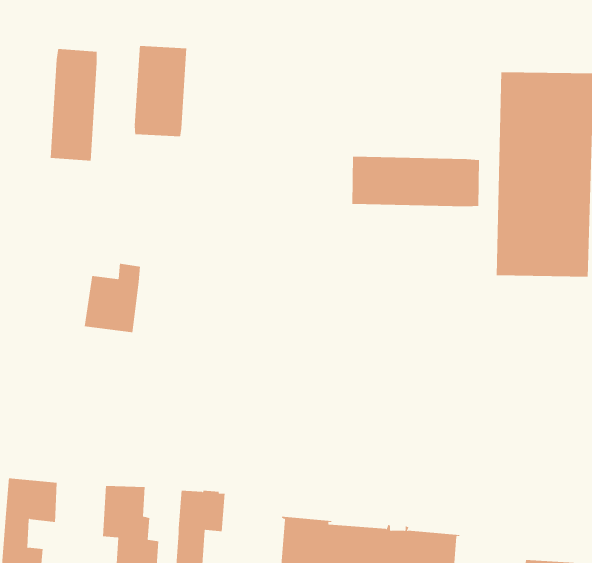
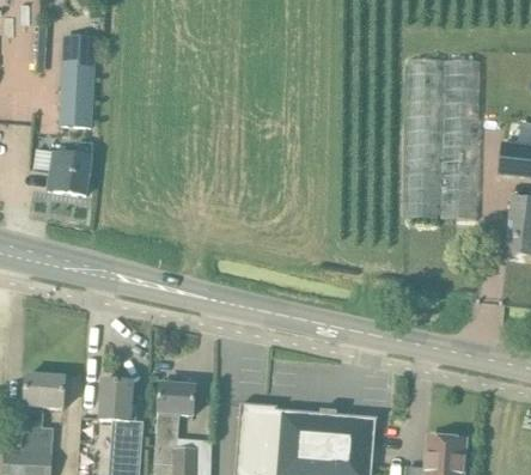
building: [134,45,187,137] -> none
building: [352,156,479,207] -> none
building: [84,263,141,333] -> [48,141,92,195]

